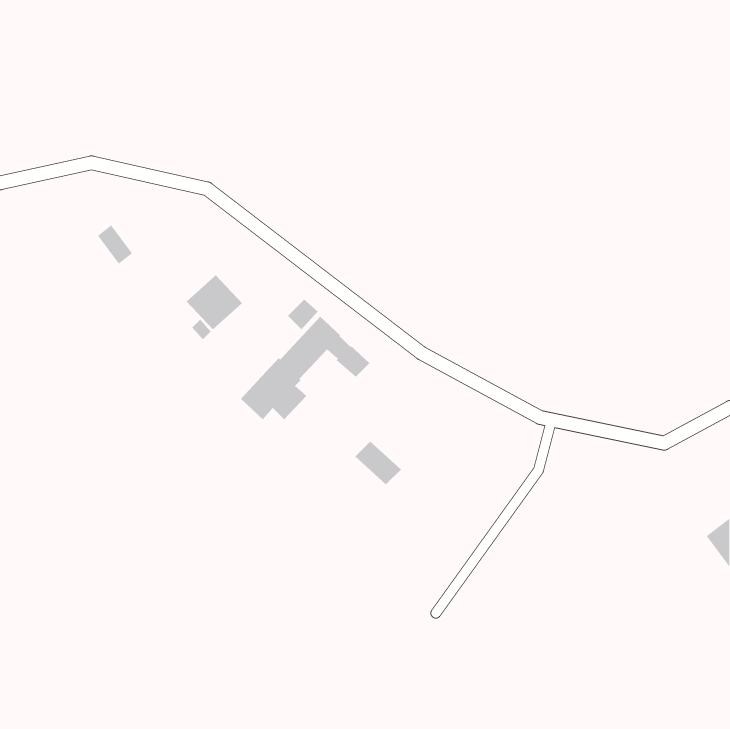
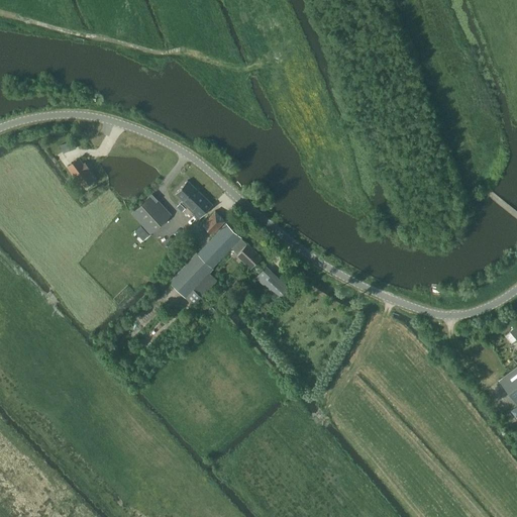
building: none -> [176,181,213,219]
building: [355,441,402,485] -> [255,268,289,299]

